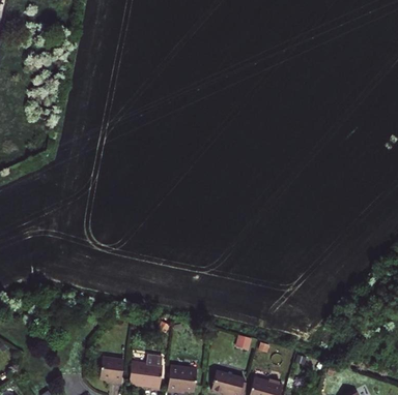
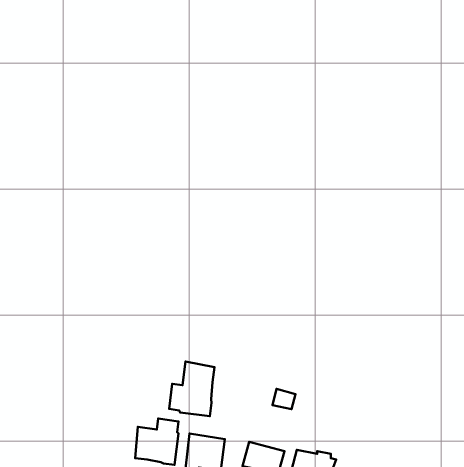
building: none -> [169,362,215,416]
building: [101,358,124,383] -> none

